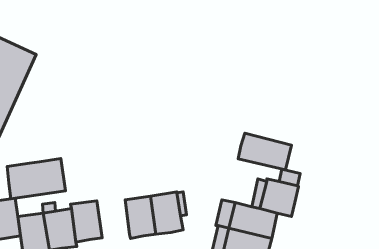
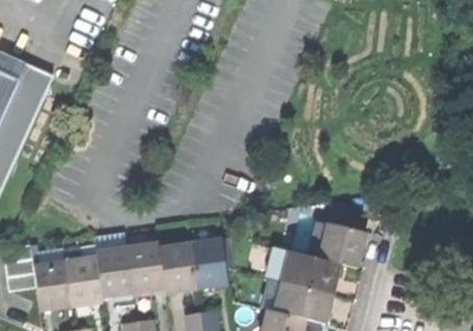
building: [238,133,291,170] -> none
building: [7,159,65,199] -> none
building: none -> [126,243,164,292]

